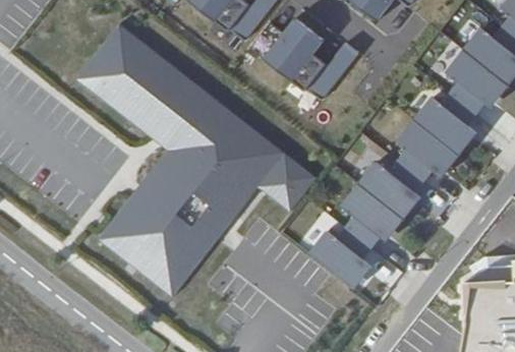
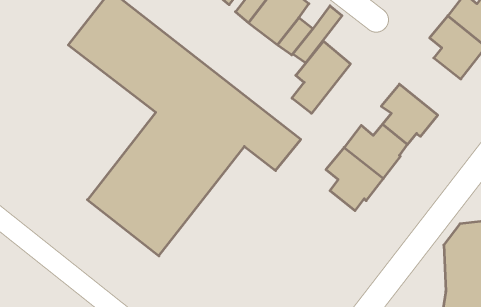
building: none -> [292,41,350,113]
building: [416,95,478,153] -> none
building: [310,229,371,286] -> none

